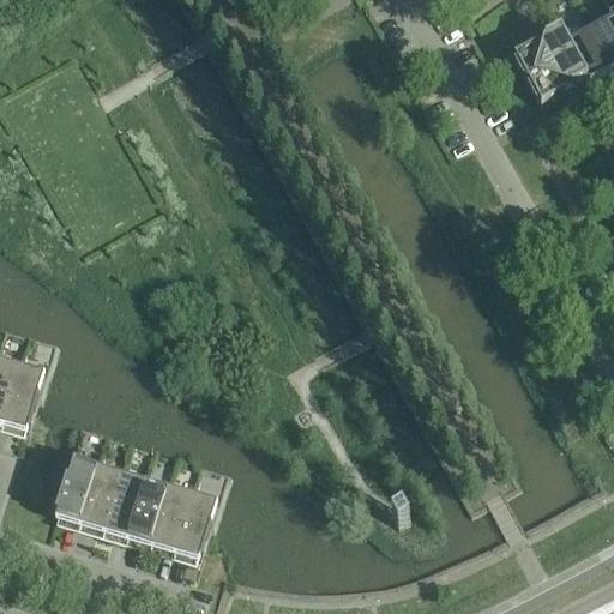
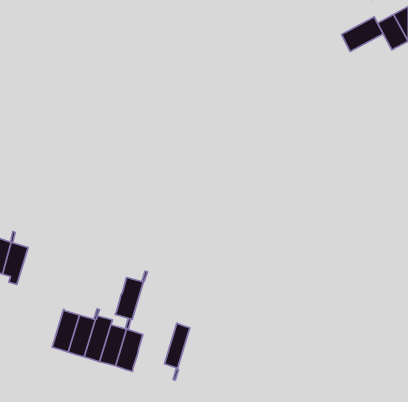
building: [523,50,585,101] -> none
building: [53,446,101,518] -> [115,271,147,319]
building: none -> [165,323,190,380]

